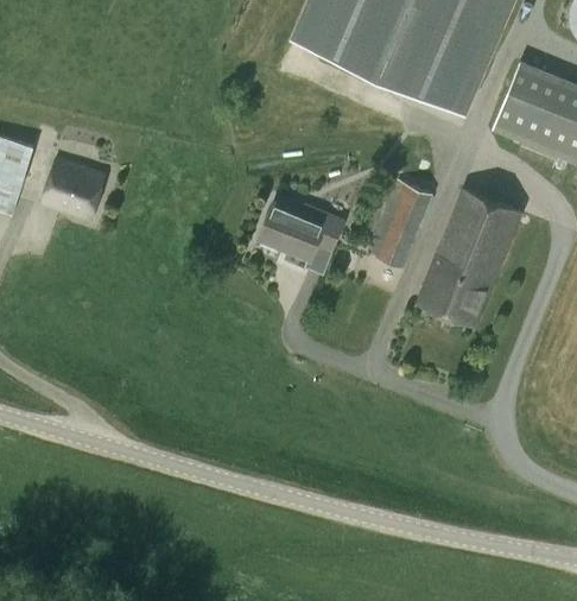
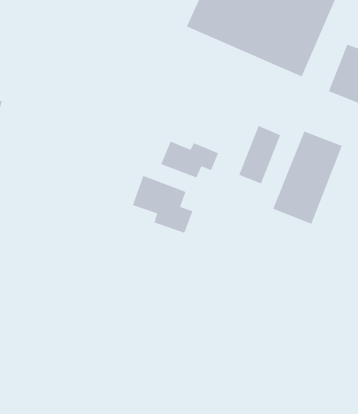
building: [39,159,104,219] -> none
building: none -> [132,175,193,234]

